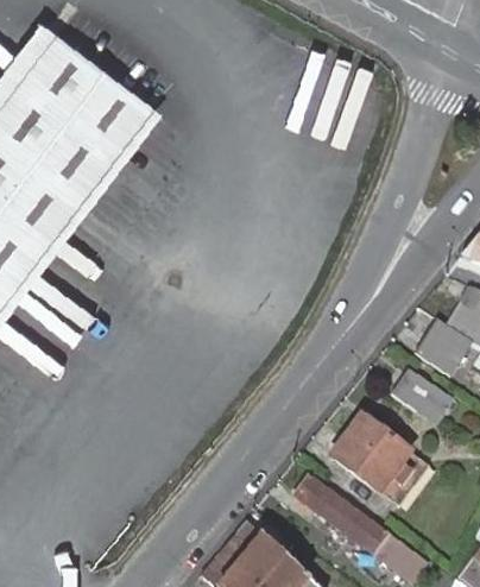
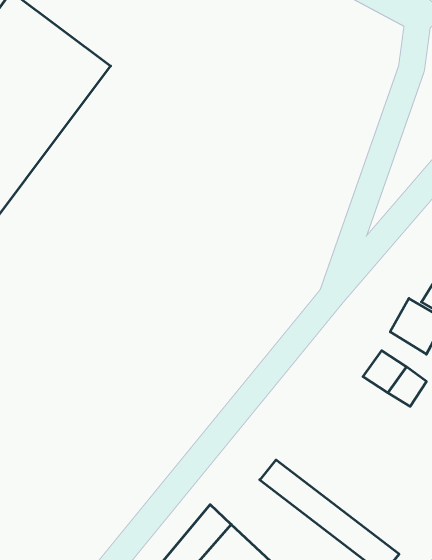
building: [333,416,429,507] -> none

